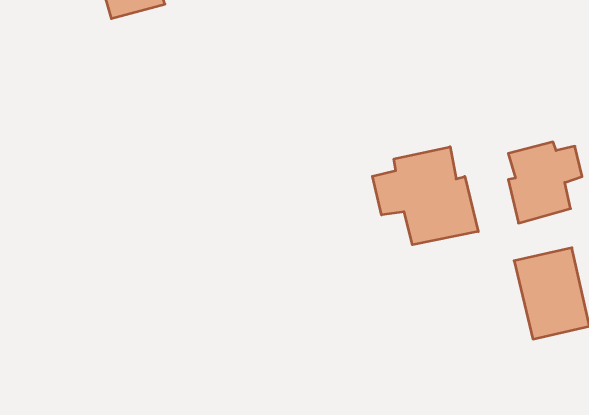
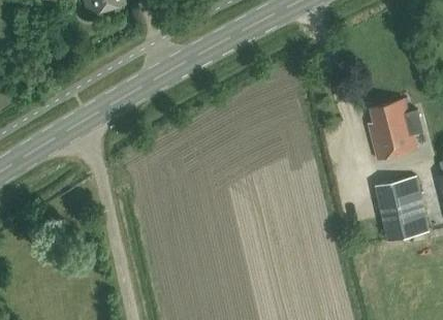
building: [372,147,478,245] -> none

